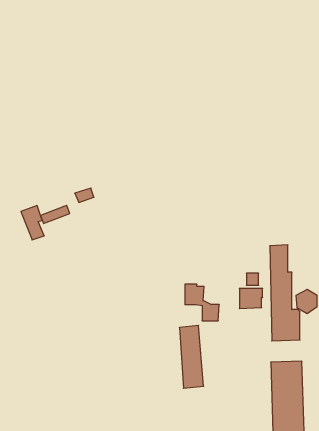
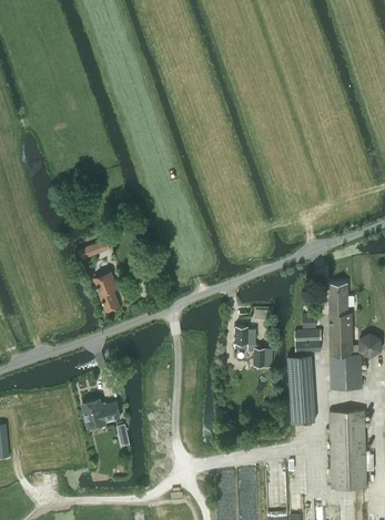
building: [21,205,44,240] -> [93,273,119,310]
building: [179,325,204,388] -> [288,355,315,424]
building: none -> [82,400,120,428]

